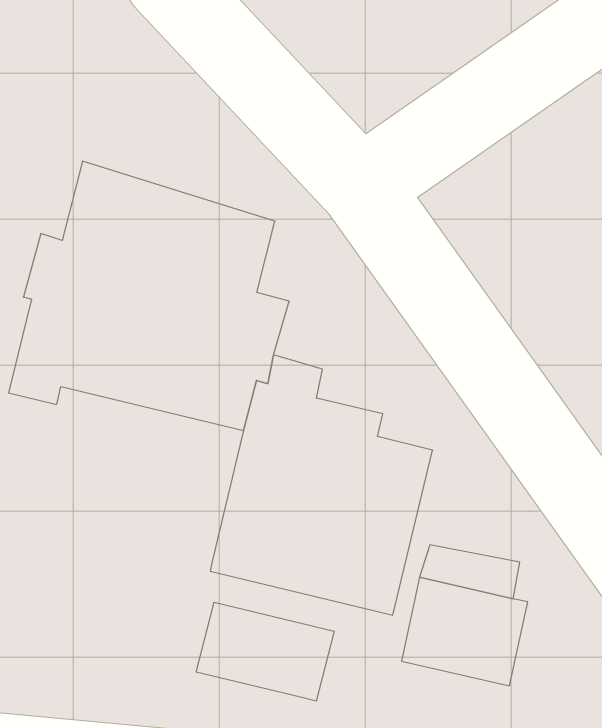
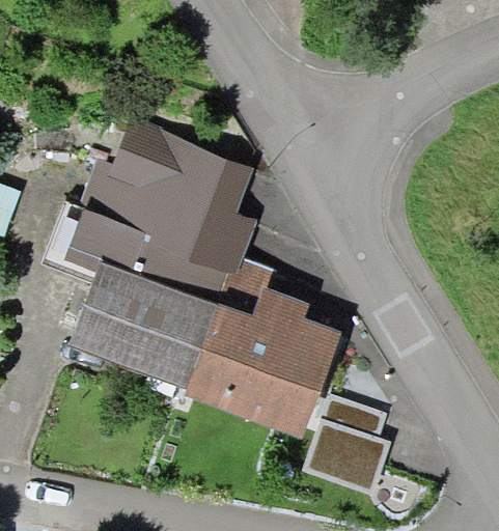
building: none -> [67,261,216,389]
building: [196,602,334,701] -> none

